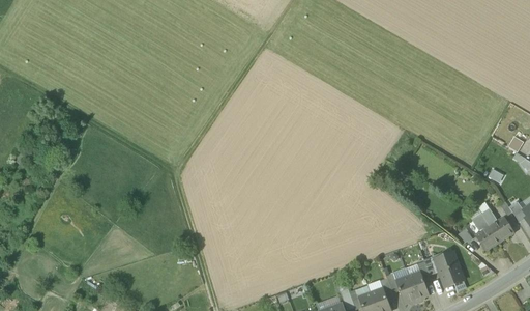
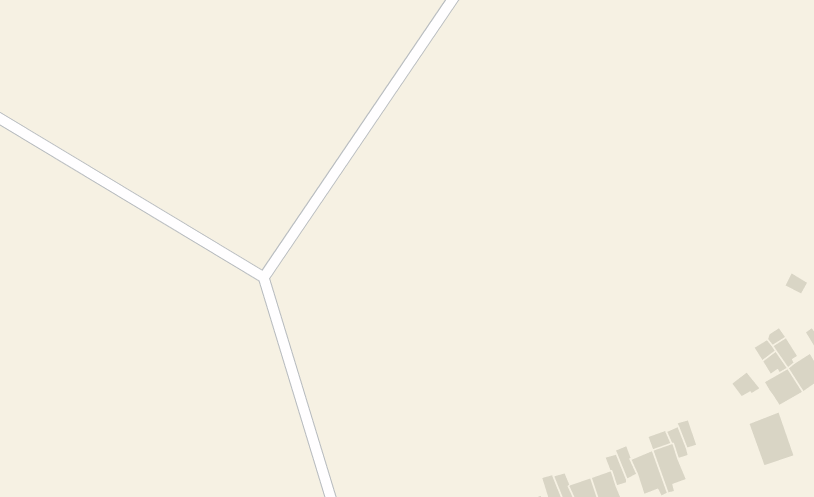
building: [436,254,464,287] -> [748,411,795,466]

